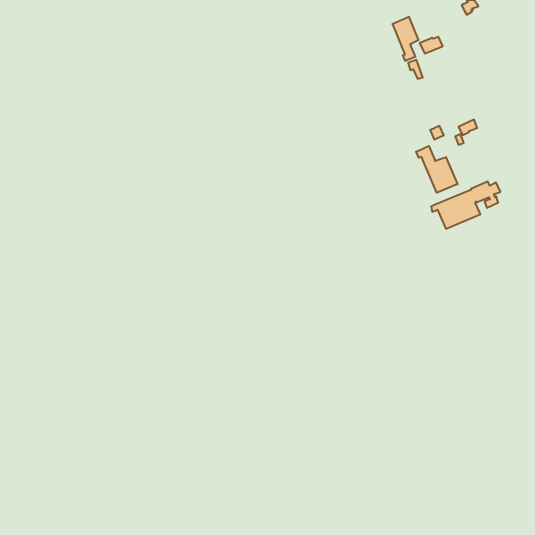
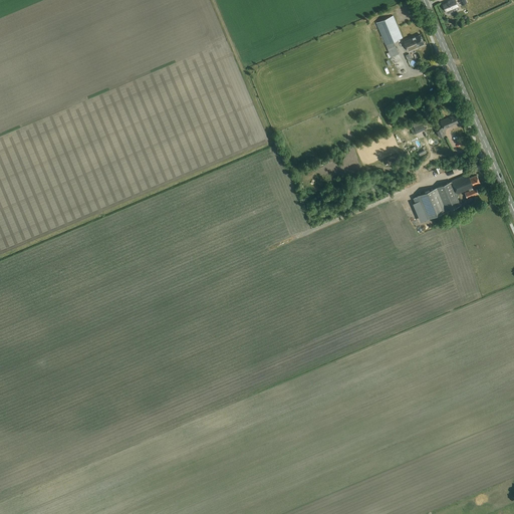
building: [416,146,458,193] -> none

